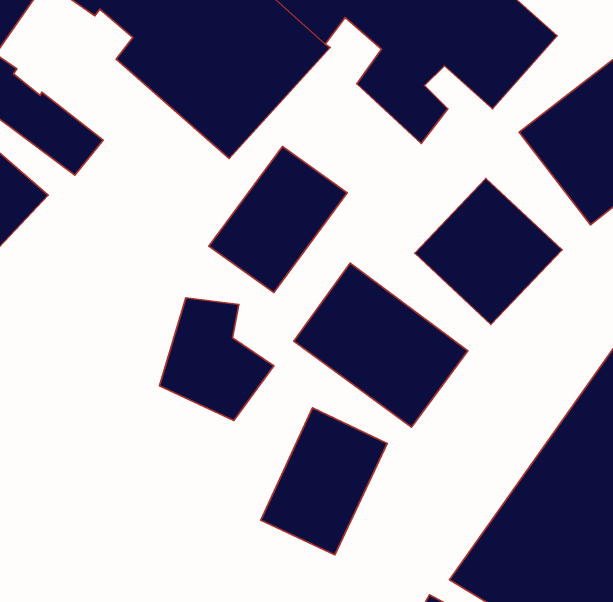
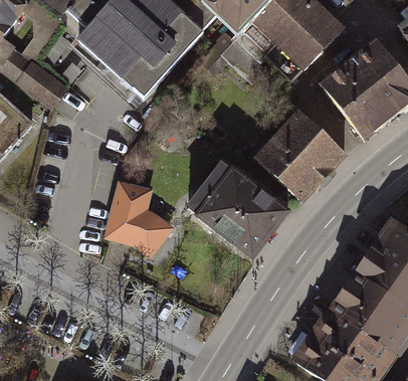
building: [209,147,347,292] -> none
building: [261,408,387,555] -> none

